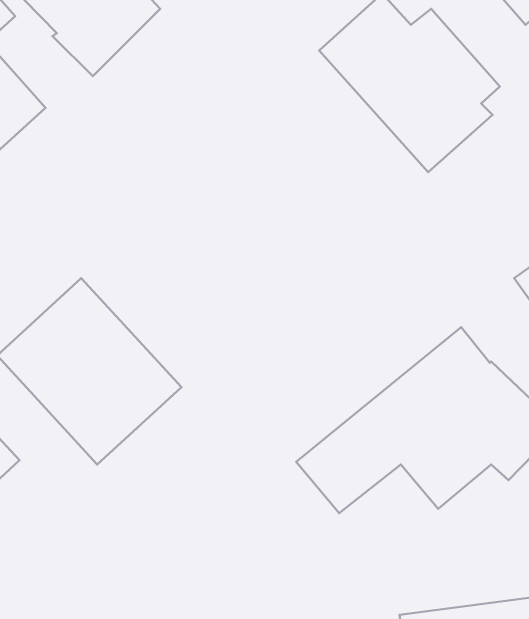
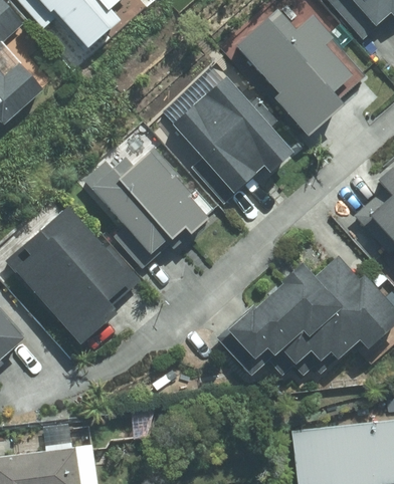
building: none -> [163,76,294,199]
building: none -> [94,146,204,256]

